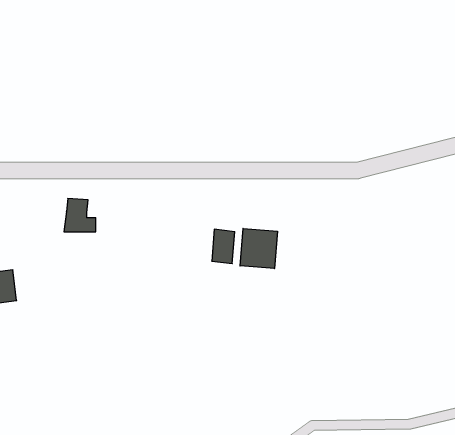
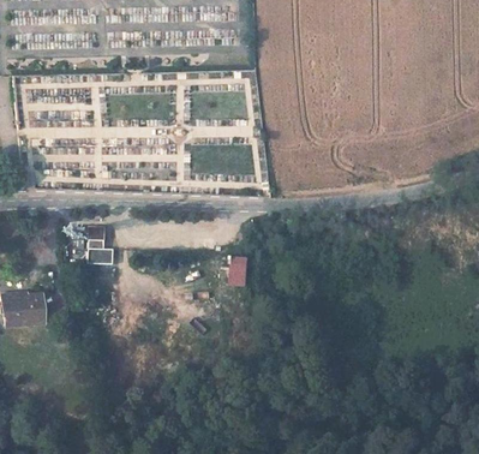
building: [240,228,277,269] -> none

